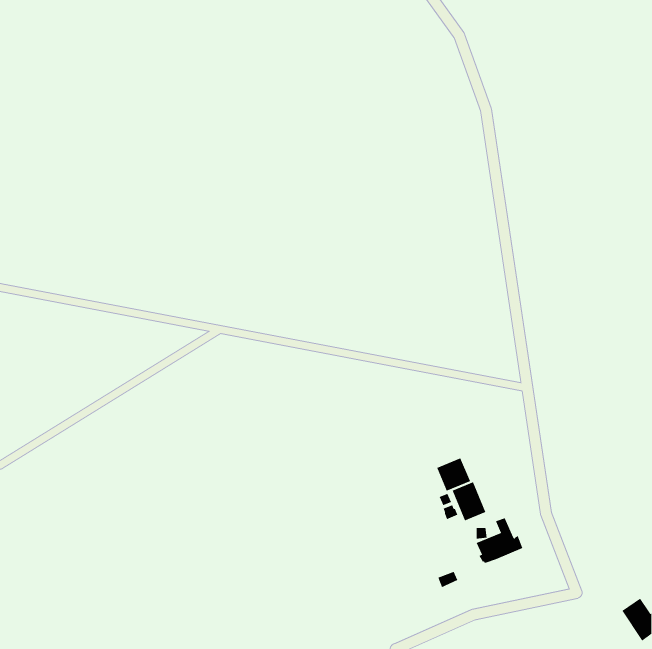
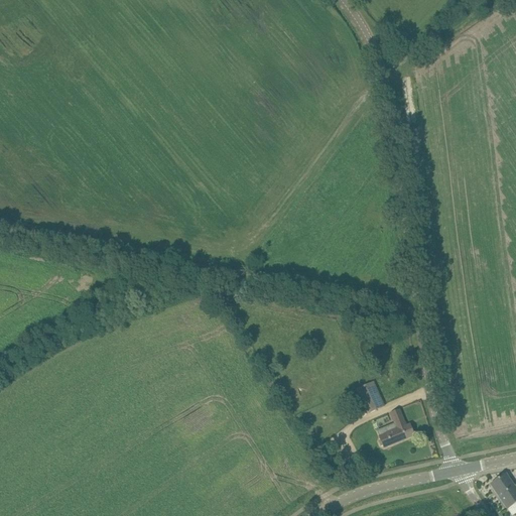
building: [436,457,471,492] -> none

